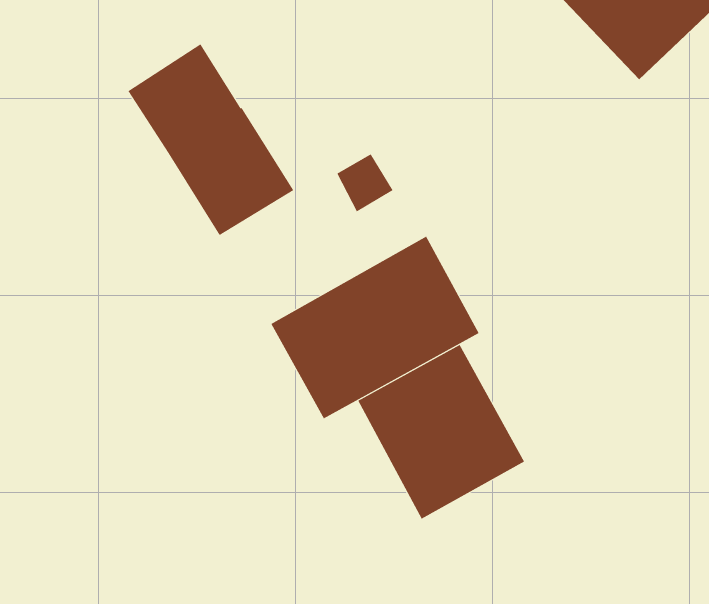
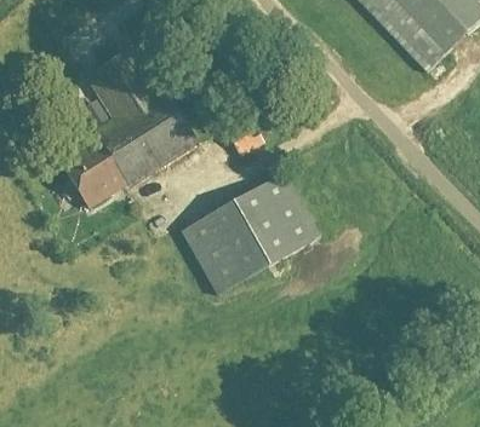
building: none -> [61,117,150,207]
building: [358,344,525,519] -> none

